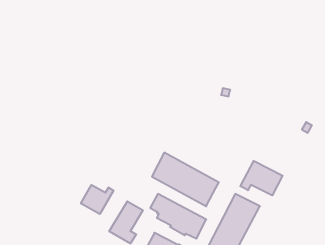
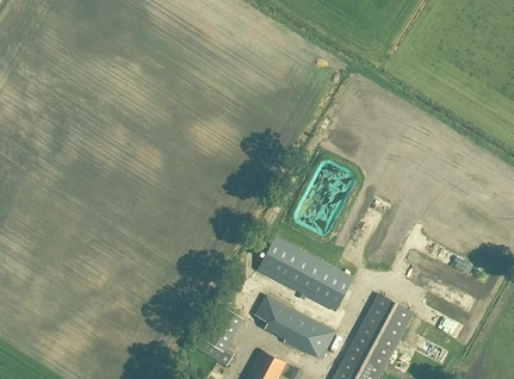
building: [240,161,283,195] -> none
building: [81,185,113,214] -> none

